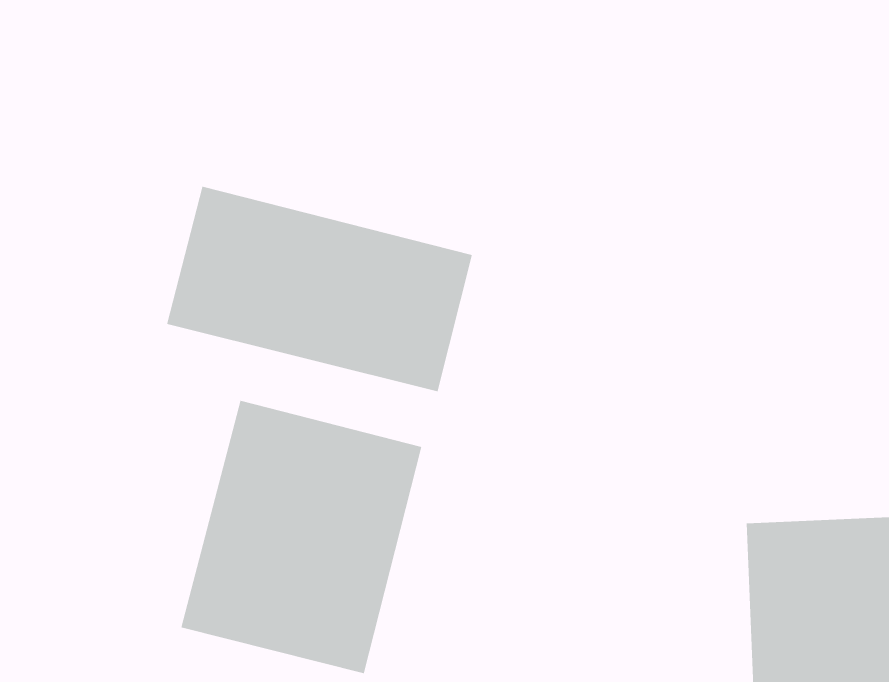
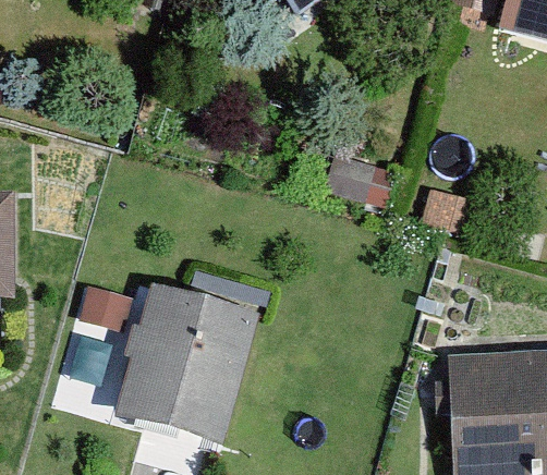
building: [166,186,473,392] -> none

